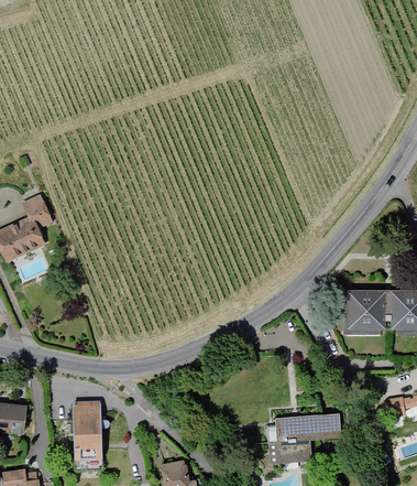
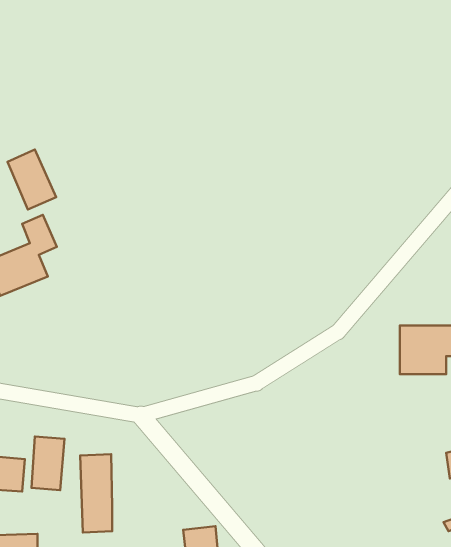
building: none -> [7,150,56,210]
building: none -> [31,436,65,490]
building: [266,412,342,463] -> none

